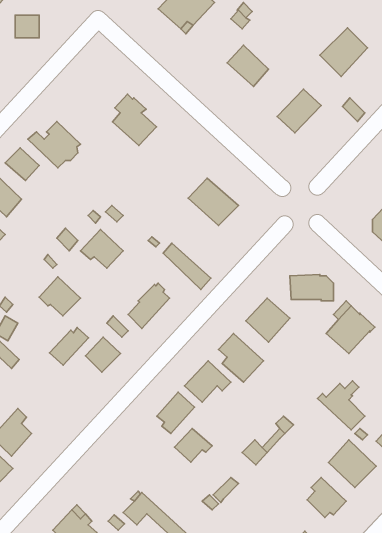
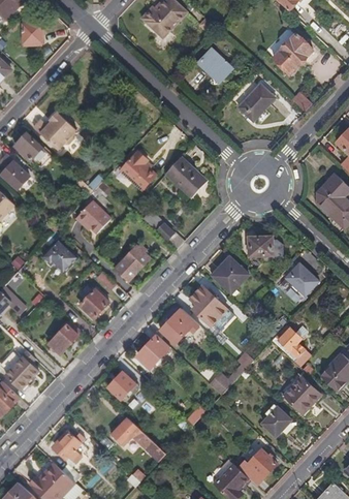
building: [112,94,156,146] -> [120,147,156,189]
building: [50,328,88,365] -> [50,322,82,353]
building: [175,428,212,462] -> [107,371,138,399]

